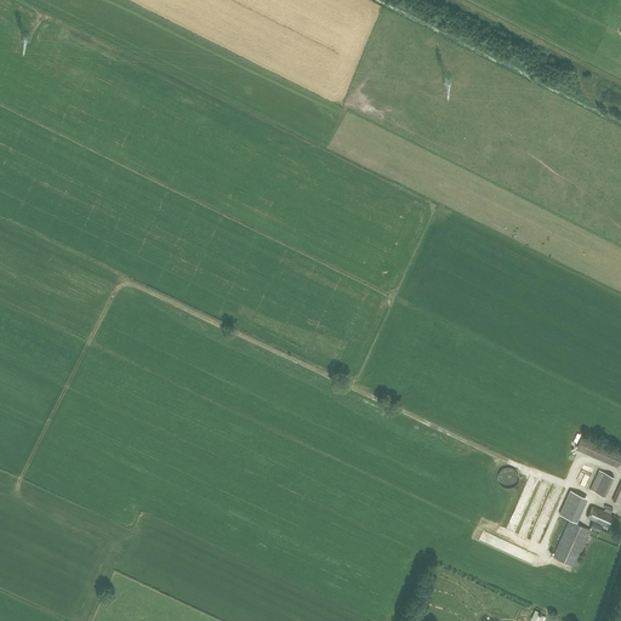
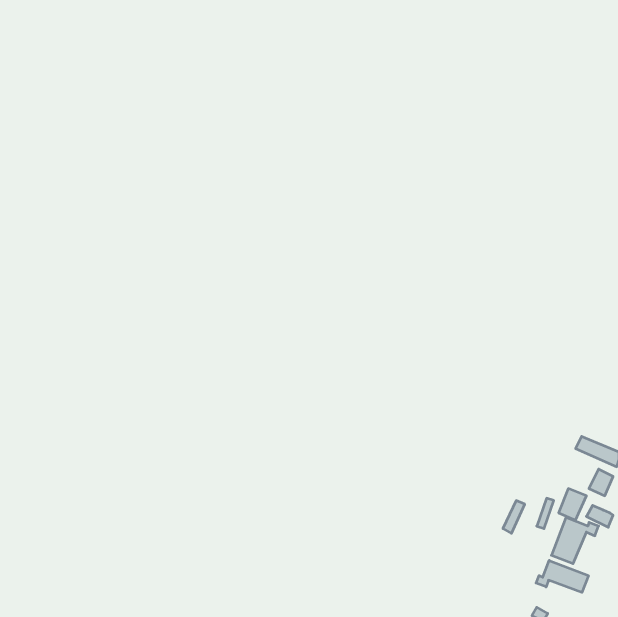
building: none -> [536,560,588,592]

